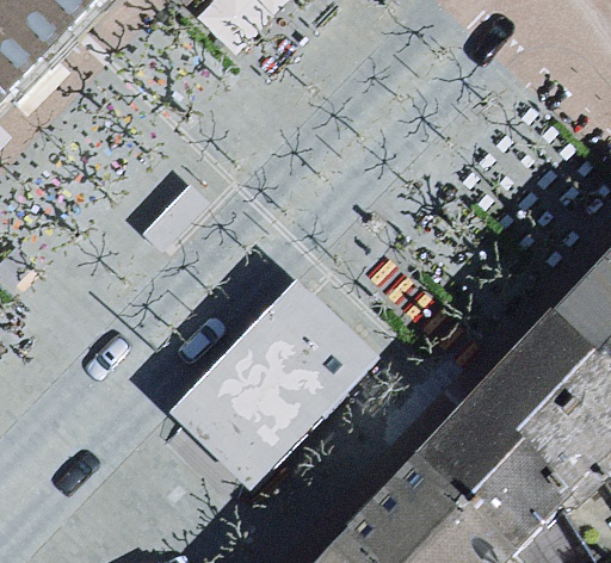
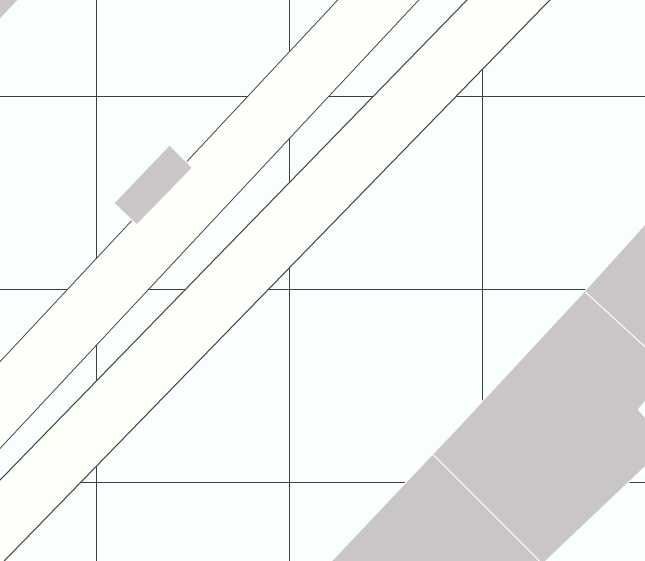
building: [166,274,379,488] -> none

